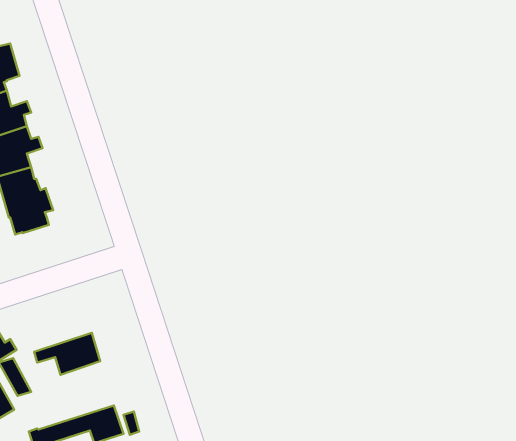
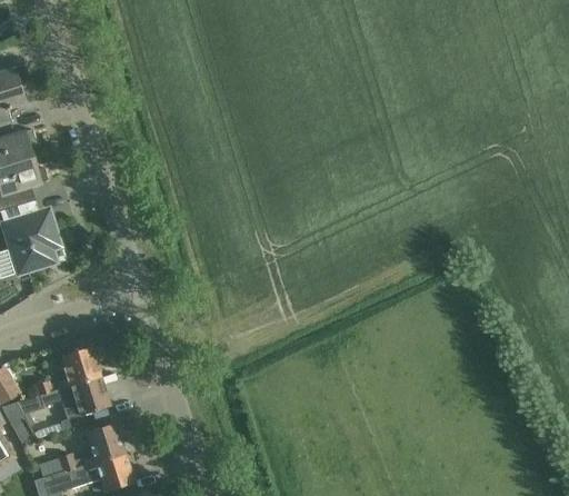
building: none -> [34,347,100,395]
building: none -> [39,424,123,478]

